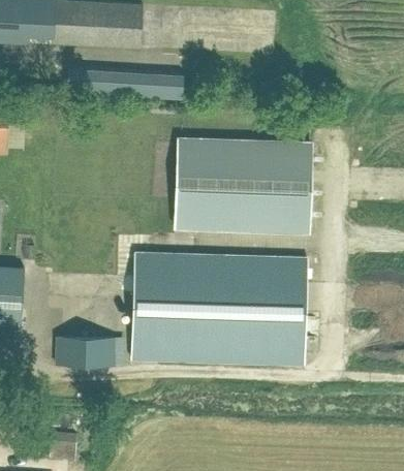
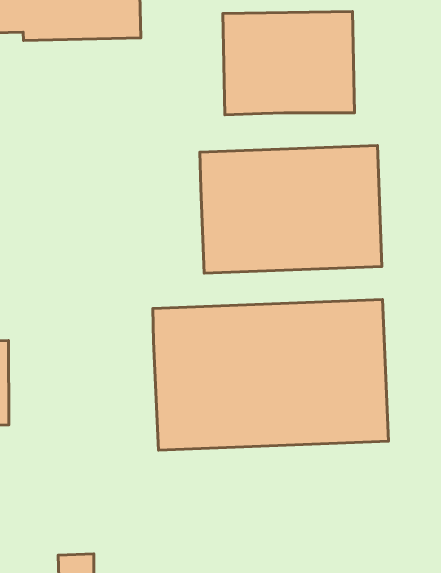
building: none -> [223,11,355,115]
building: [66,69,183,100] -> none
building: [55,337,114,368] -> none

